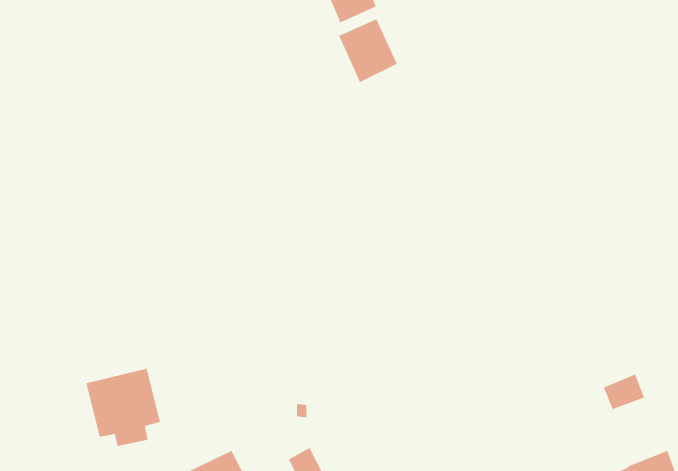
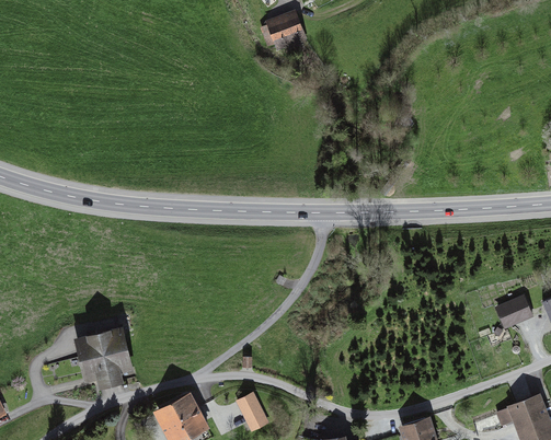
building: [338,18,398,83] -> none
building: [603,373,645,410] -> [496,296,530,325]

